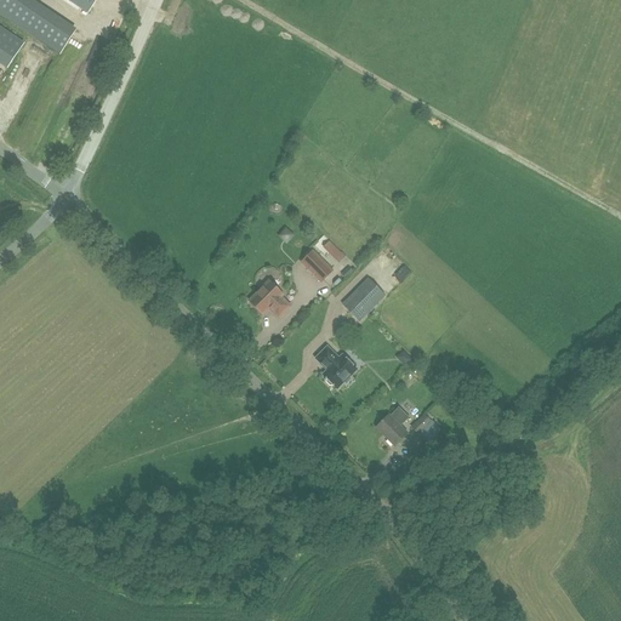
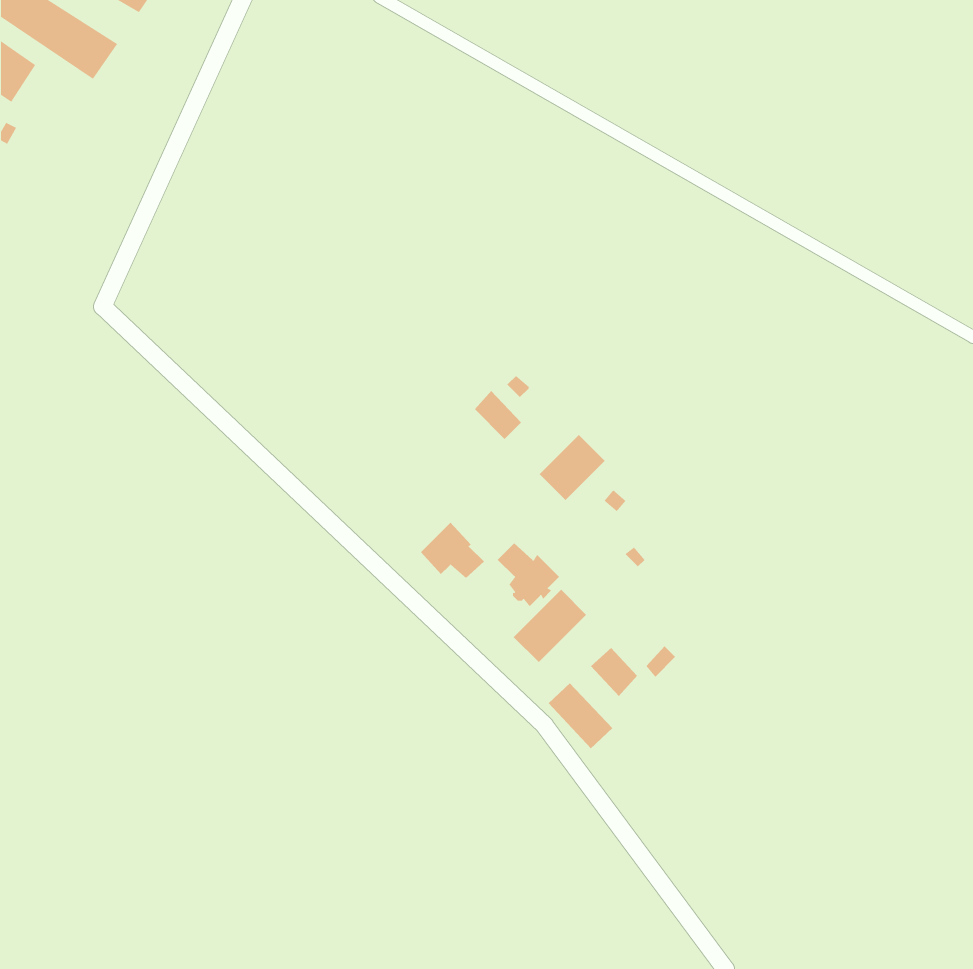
building: [250,279,291,315] -> [420,522,485,579]
building: none -> [513,589,587,663]
building: none -> [548,682,613,749]

